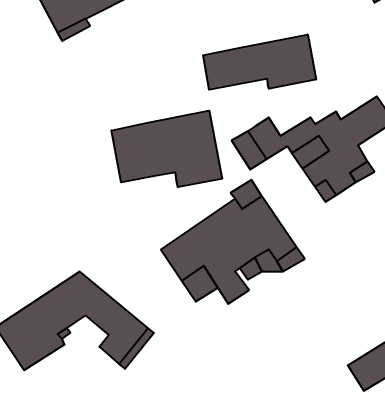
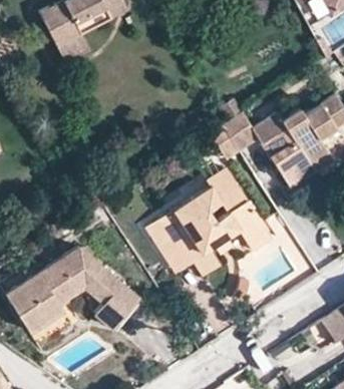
building: [203,34,316,90] -> none
building: [111,111,222,187] -> none

